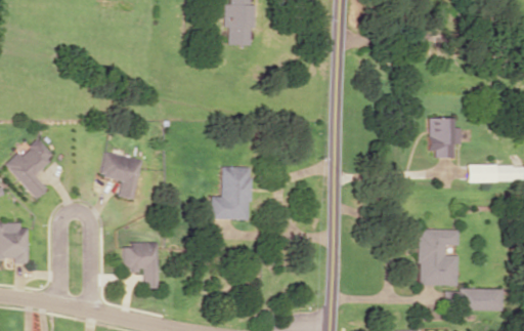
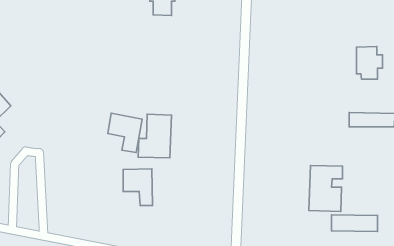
building: [430,117,462,157] -> [357,46,383,79]
building: [101,152,143,200] -> [108,113,142,153]
building: [124,243,160,288] -> [123,169,153,206]

